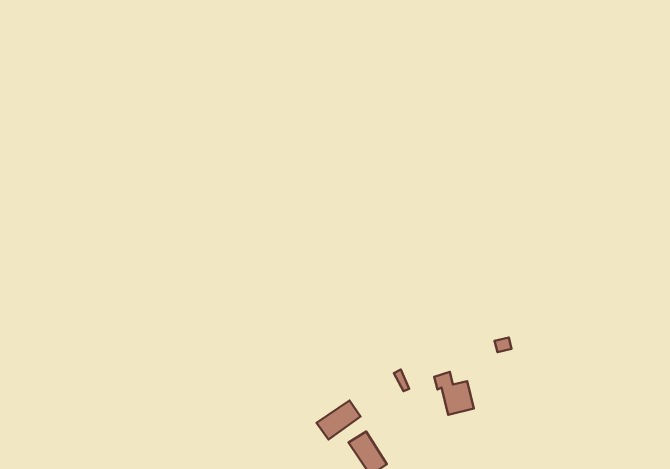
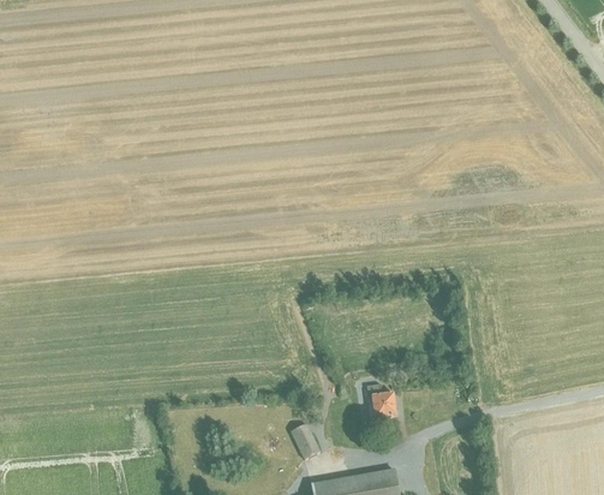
building: [316,400,360,440] -> none

